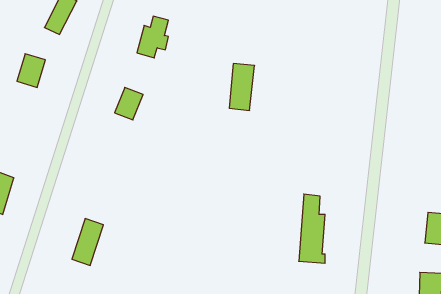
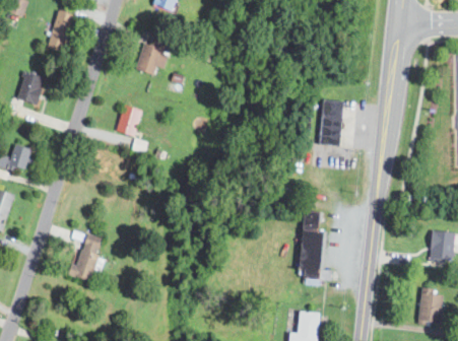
building: [229,64,255,110] -> [316,97,341,144]
building: none -> [7,142,32,170]

